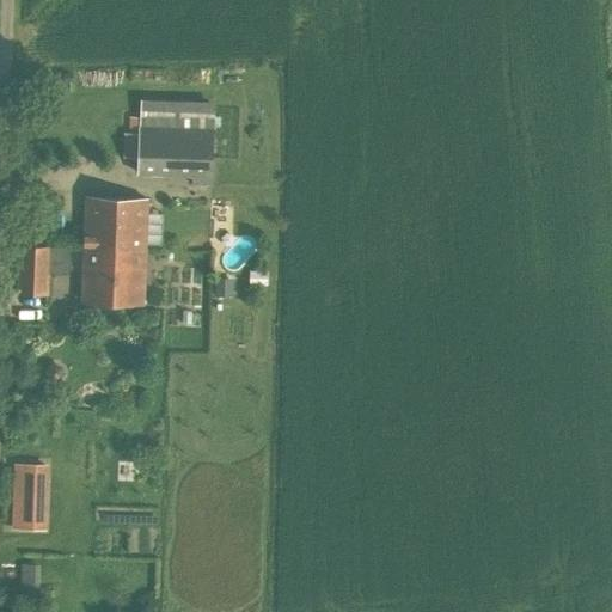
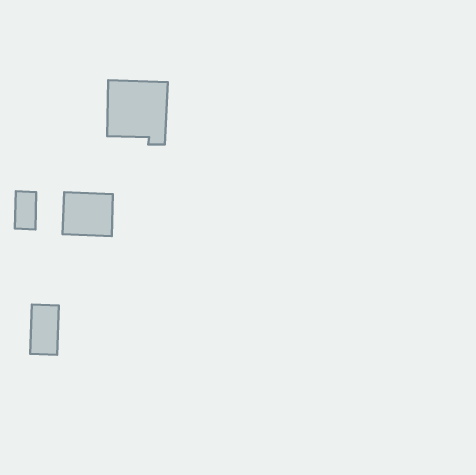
building: [82,197,147,251] -> none
building: [12,465,49,530] -> [30,304,59,355]

